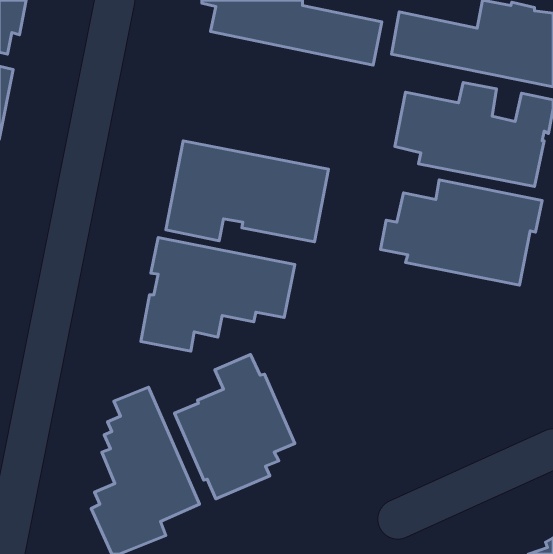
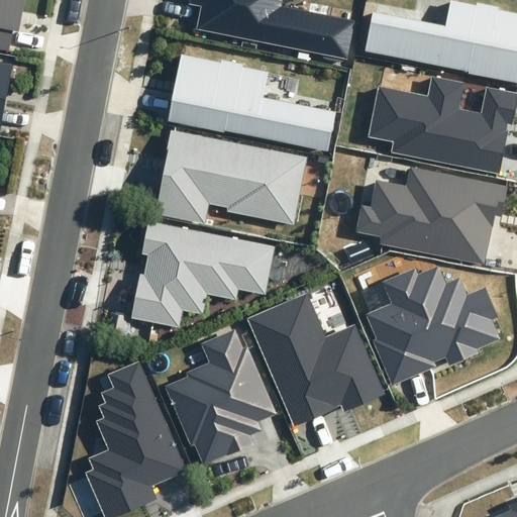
building: none -> [167,54,335,151]
building: none -> [365,265,498,386]
building: none -> [245,293,384,427]

